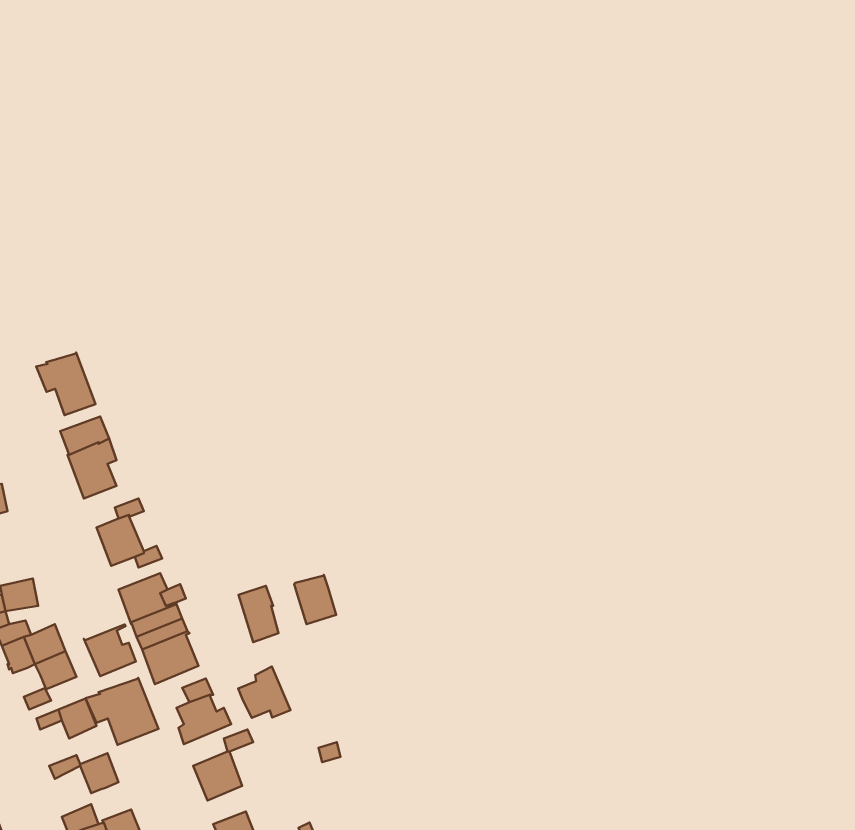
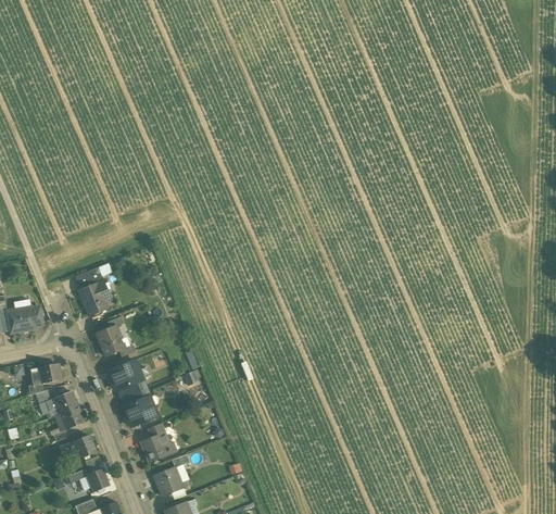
building: [36,352,95,415] -> none
building: [294,575,336,624] -> none
building: [84,625,136,676] -> none
building: [238,667,290,718] -> none
building: [85,678,159,745] -> none

